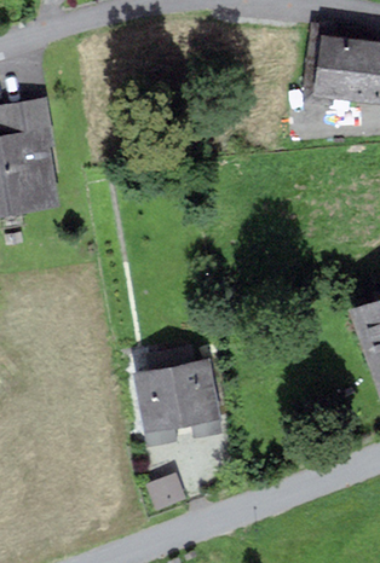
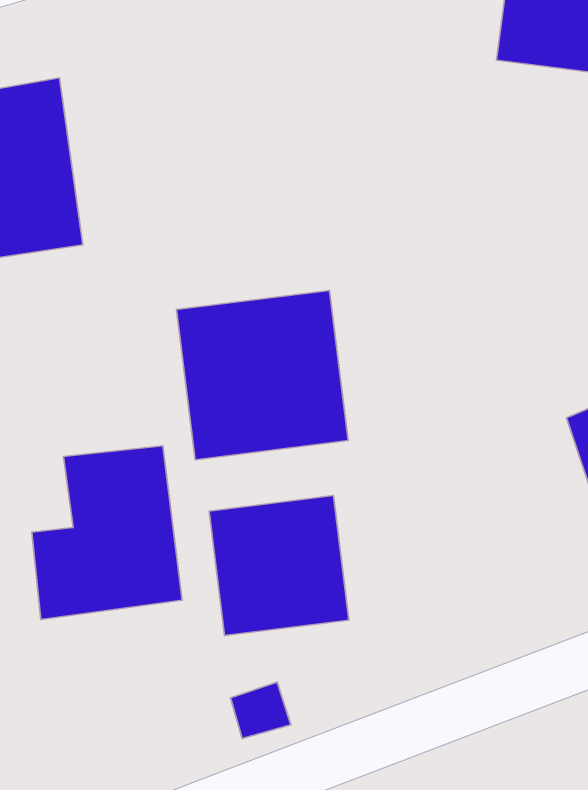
building: none -> [177,290,348,460]
building: none -> [32,446,182,620]

